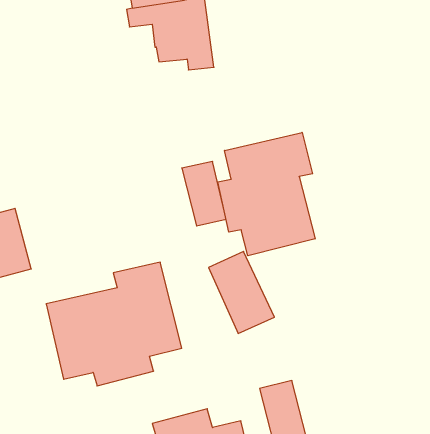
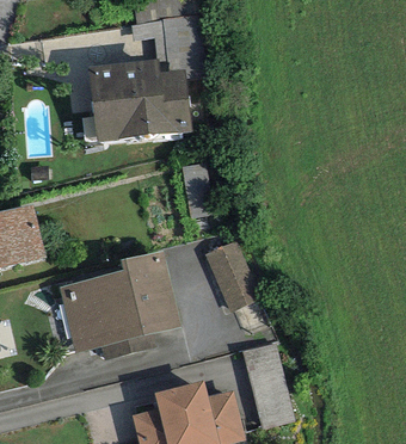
building: none -> [87,58,191,142]
building: [218,132,315,256] -> none

